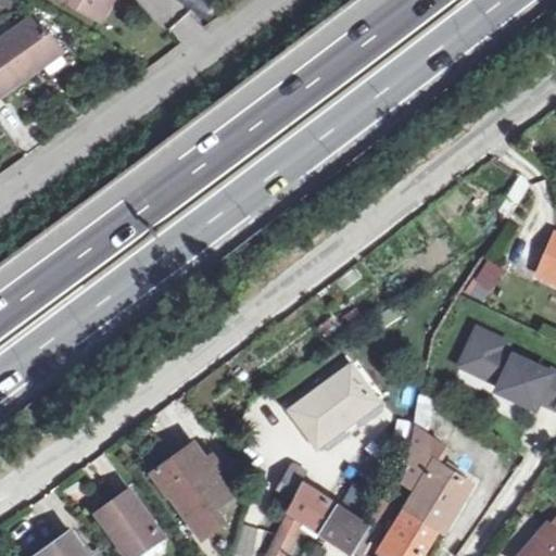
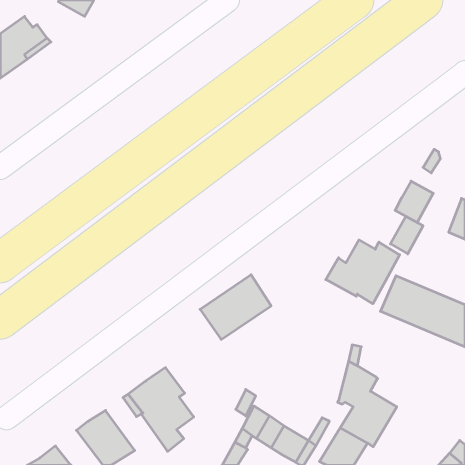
building: none -> [395,181,433,223]
building: none -> [326,240,400,304]
building: [287,369,371,446] -> [200,275,271,339]

